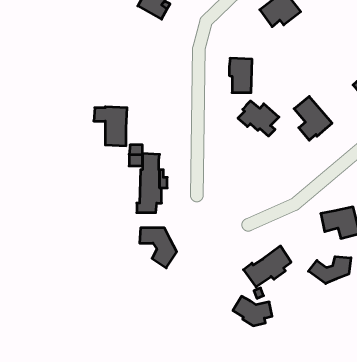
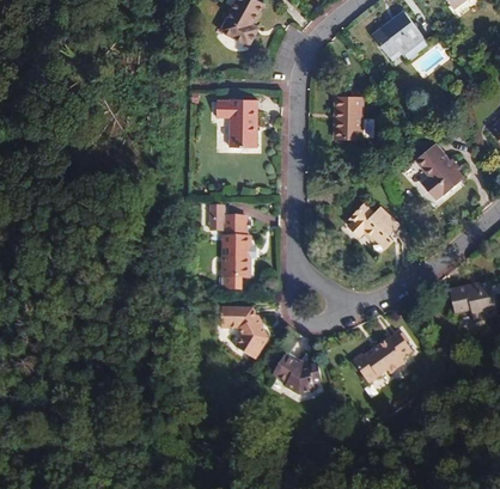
building: [238,101,279,136] -> [347,203,398,247]
building: [94,107,127,146] -> [215,98,257,147]
building: [308,257,351,284] -> none
building: [233,296,272,326] -> [273,356,322,393]

